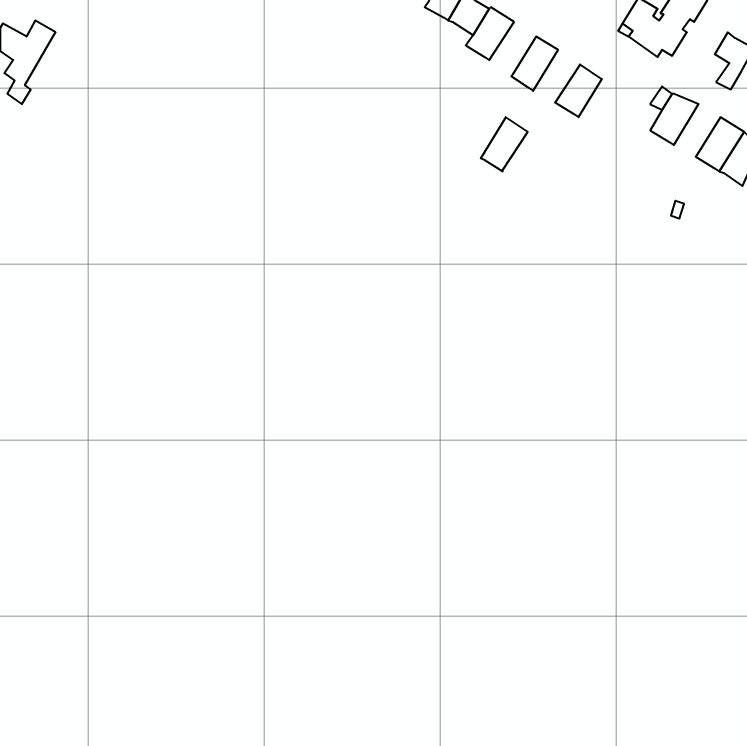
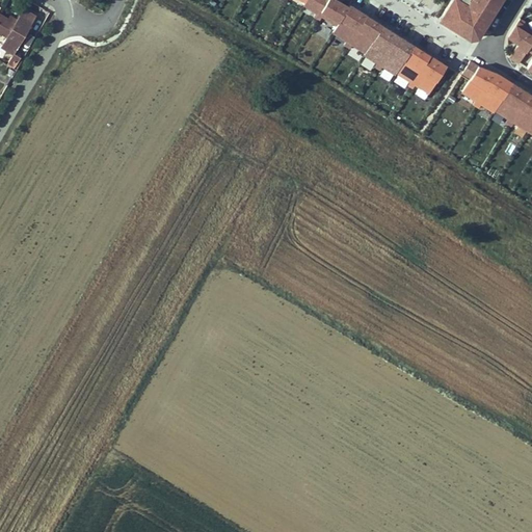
building: none -> [348,16,381,53]
building: none -> [411,56,445,94]
building: none -> [479,74,512,111]
building: [481,117,528,171] -> [379,35,413,74]

